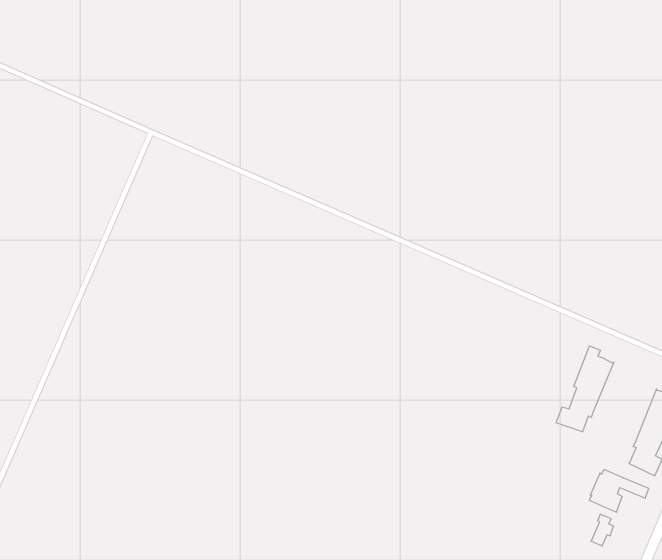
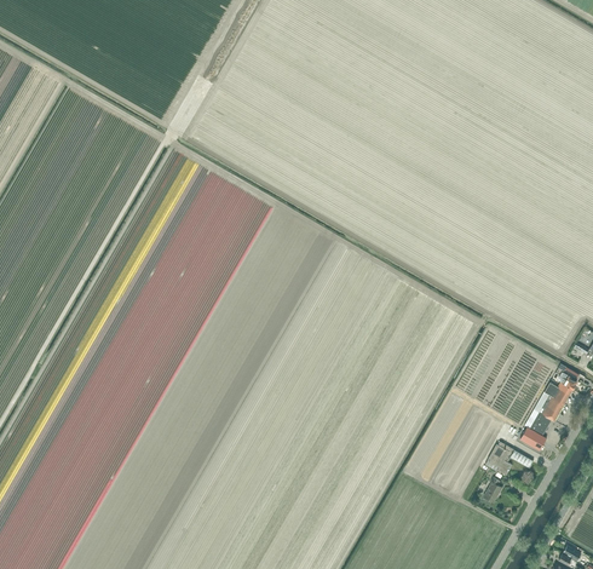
building: [556,346,614,432] -> none

